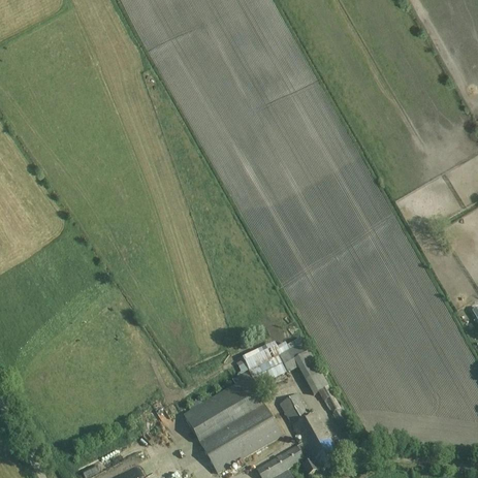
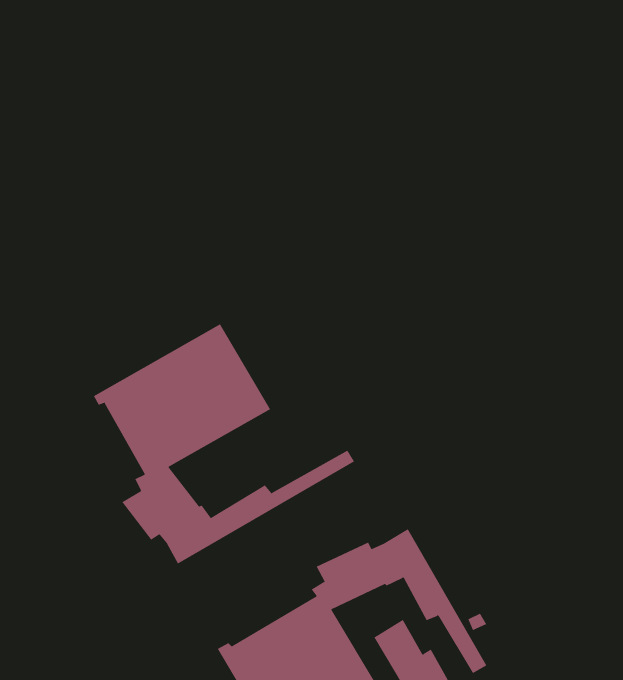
building: none -> [93,324,355,564]

